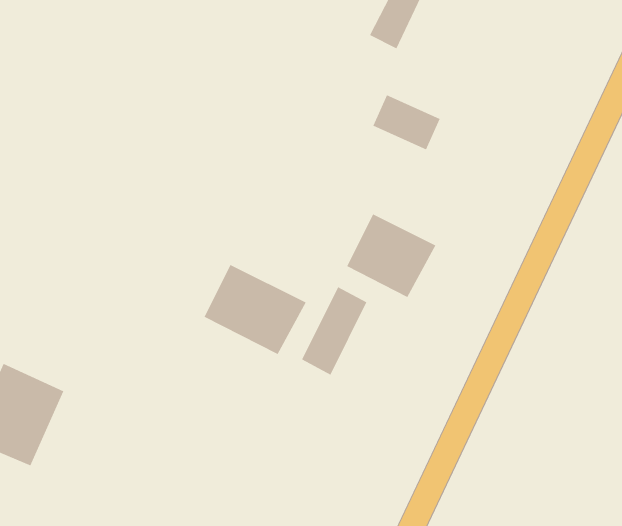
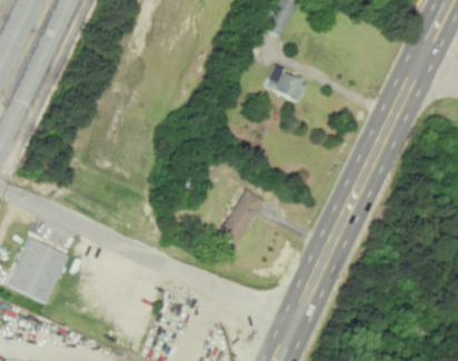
building: [346,213,436,298] -> none
building: [204,264,306,355] -> none

